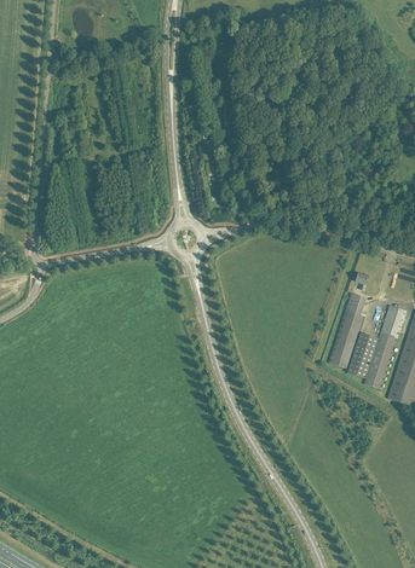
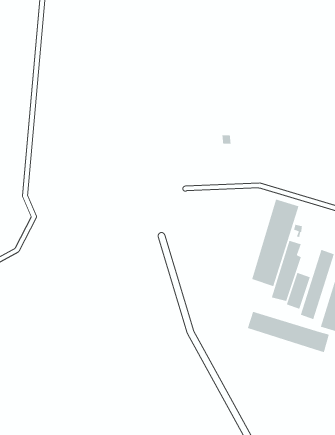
building: none -> [251,199,300,287]
building: none -> [247,311,330,353]

